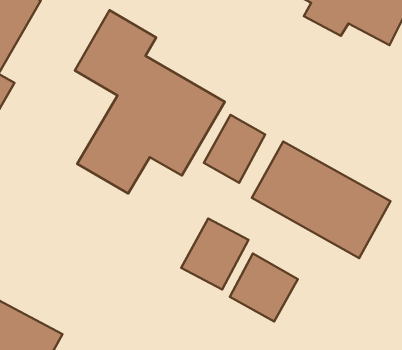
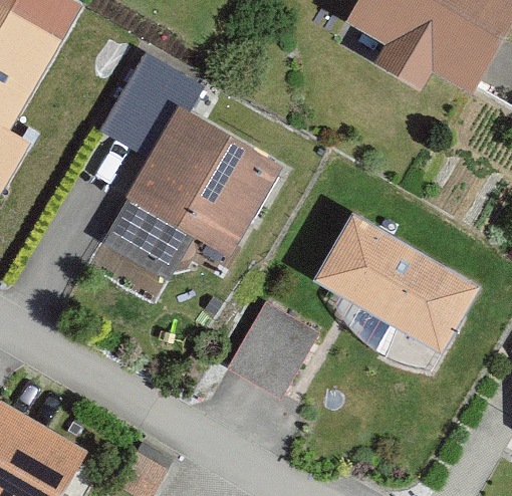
building: [204,115,265,183] -> none
building: [230,253,298,322] -> none

